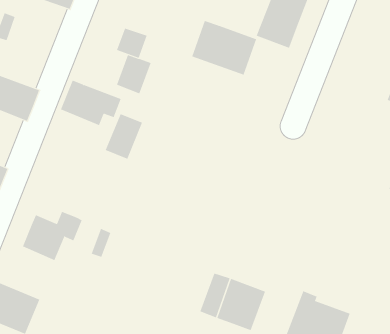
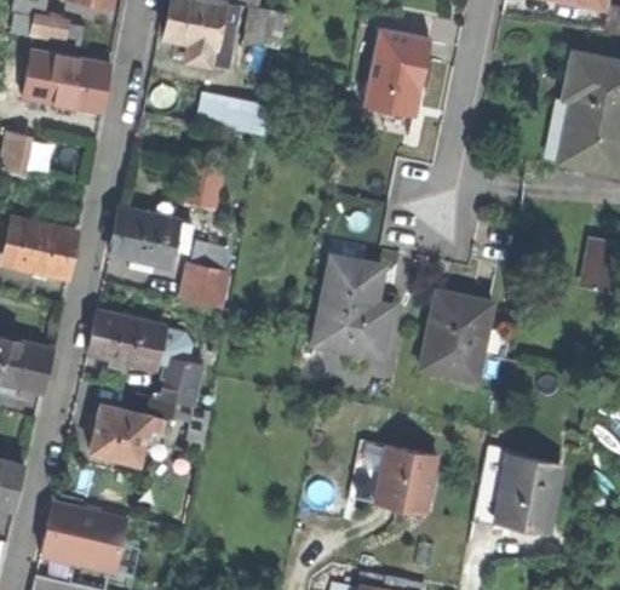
building: [192,20,257,76] -> none
building: [116,28,148,58] -> [228,93,268,132]
building: none -> [315,257,389,355]
building: none -> [87,309,201,405]
building: none -> [419,297,492,382]

